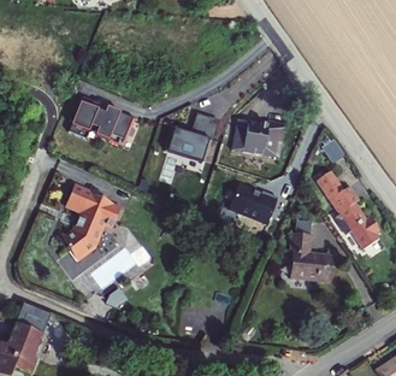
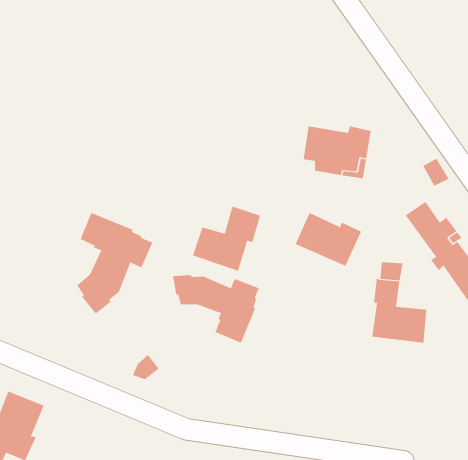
building: [66,94,135,145] -> none
building: [167,112,219,161] -> [192,206,261,271]
building: none -> [173,274,259,343]

